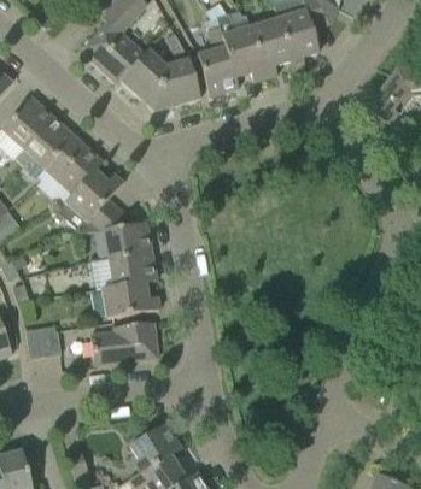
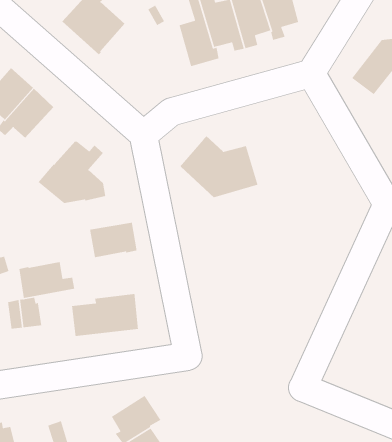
building: [119,49,199,112] -> [179,135,258,198]
building: [43,136,101,193] -> none
building: [103,222,151,258] -> none
building: [101,281,158,318] -> [18,261,75,299]

